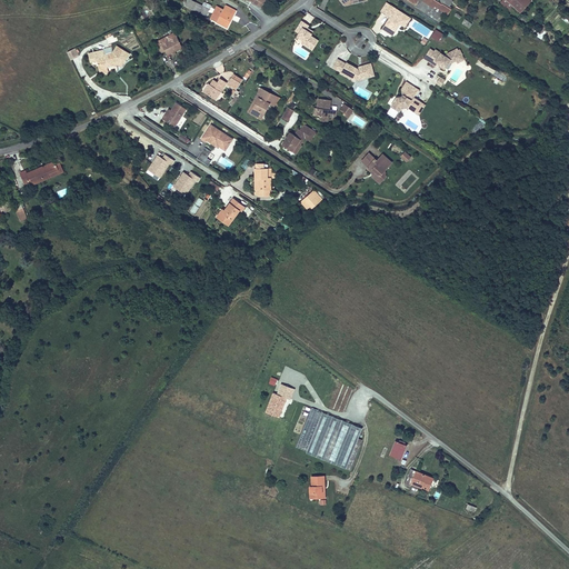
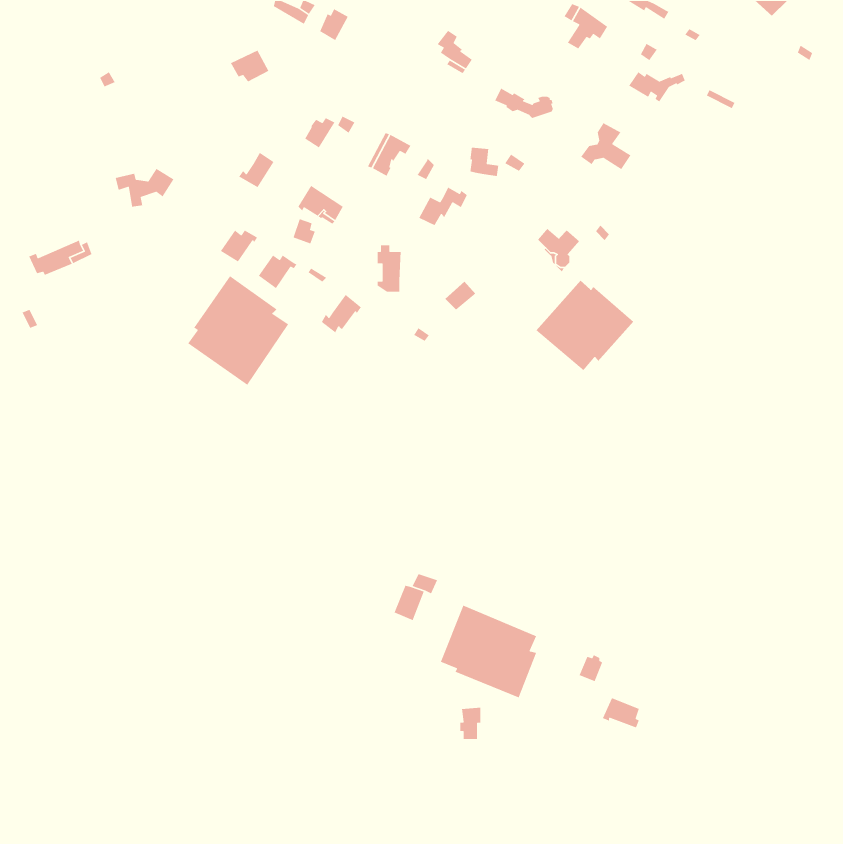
building: [88,47,128,73] -> [115,168,174,207]
building: none -> [187,275,289,386]
building: none -> [536,280,634,371]

